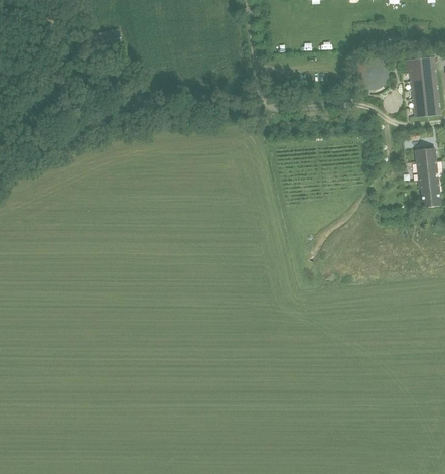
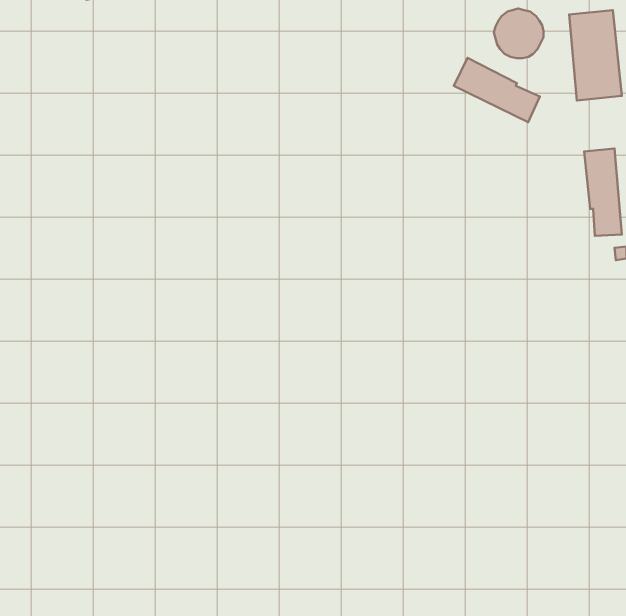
building: none -> [454,58,540,122]

